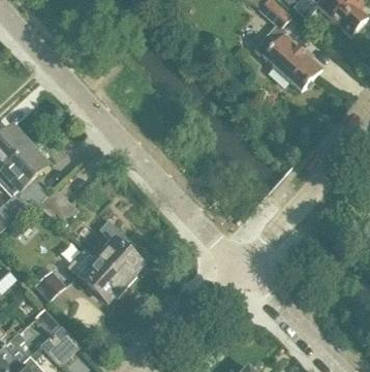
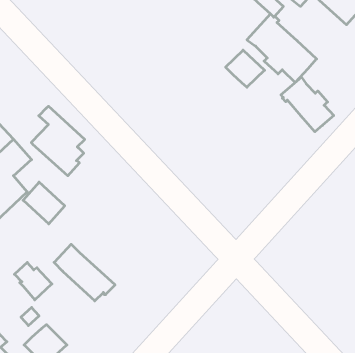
building: none -> [226,50,265,87]
building: none -> [281,77,334,132]
building: [92,218,144,285] -> [31,106,85,176]

